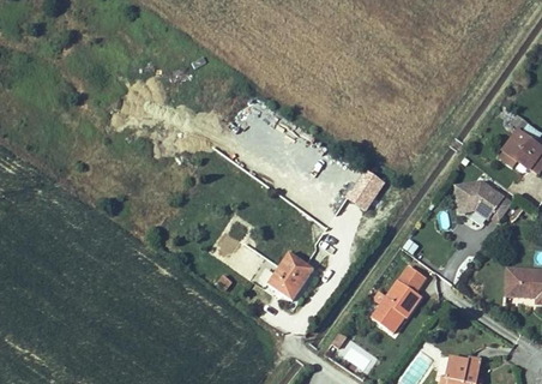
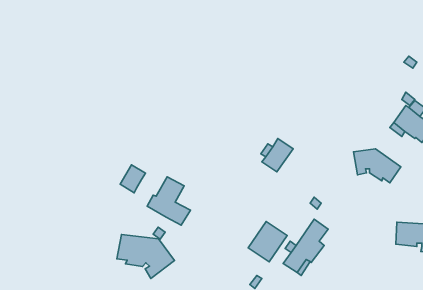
building: none -> [120,165,146,193]
building: [267,252,314,300] -> [248,222,287,262]
building: none -> [117,235,174,278]

